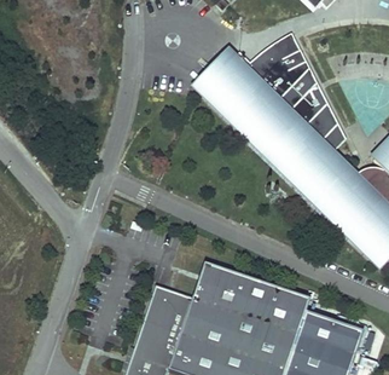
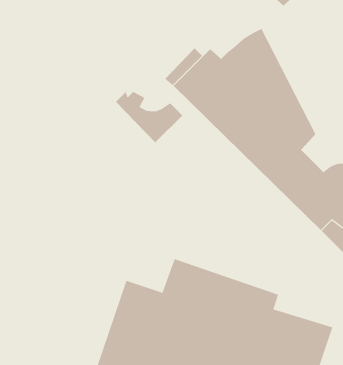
building: none -> [115,91,183,143]

